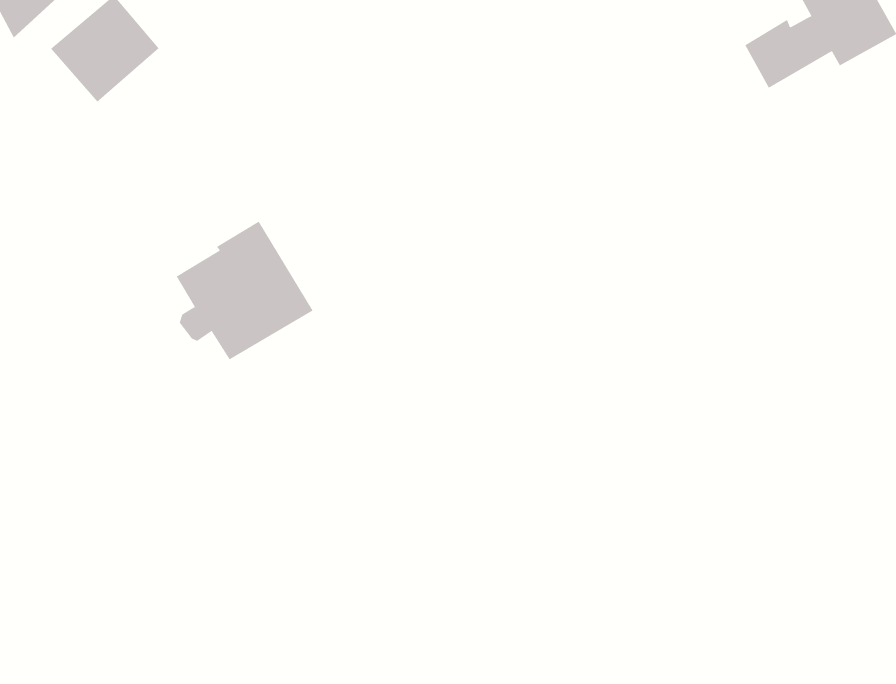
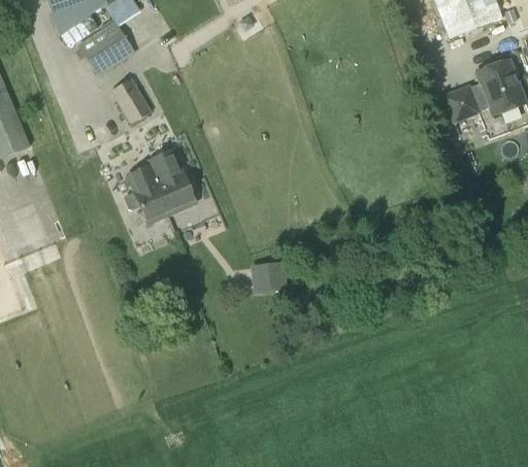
building: none -> [109,77,151,123]
building: none -> [260,258,284,289]

